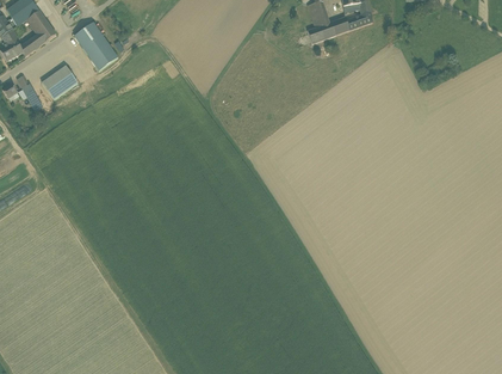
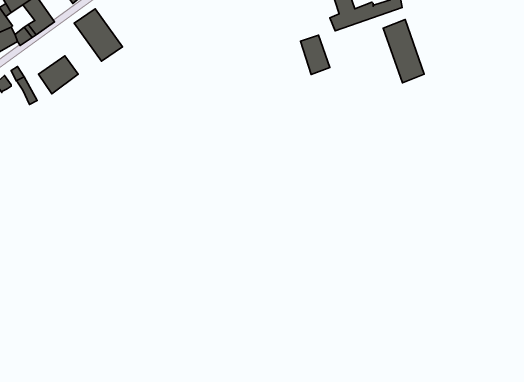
building: none -> [383,20,424,83]
building: none -> [300,35,330,75]

